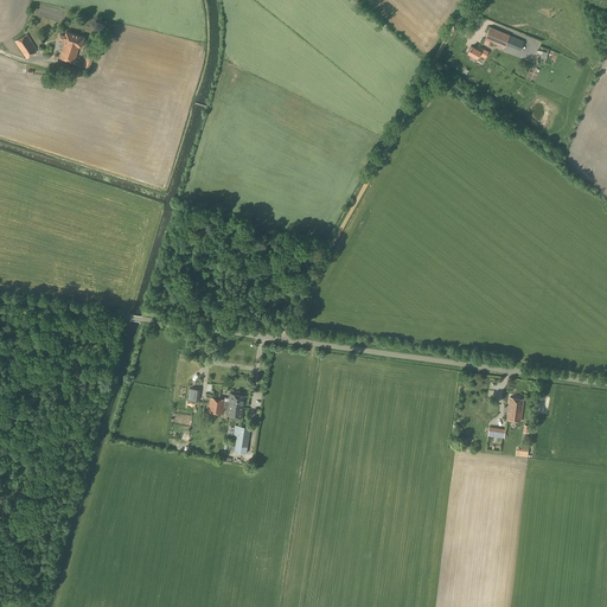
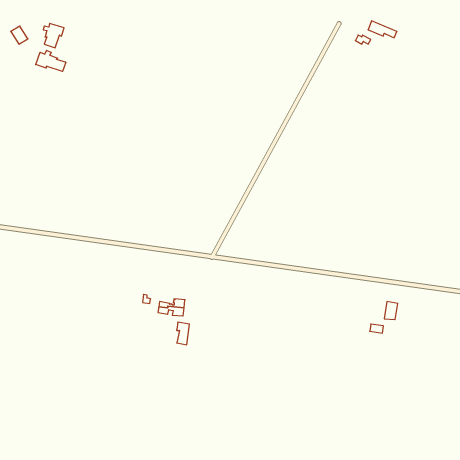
building: none -> [36,50,66,71]

